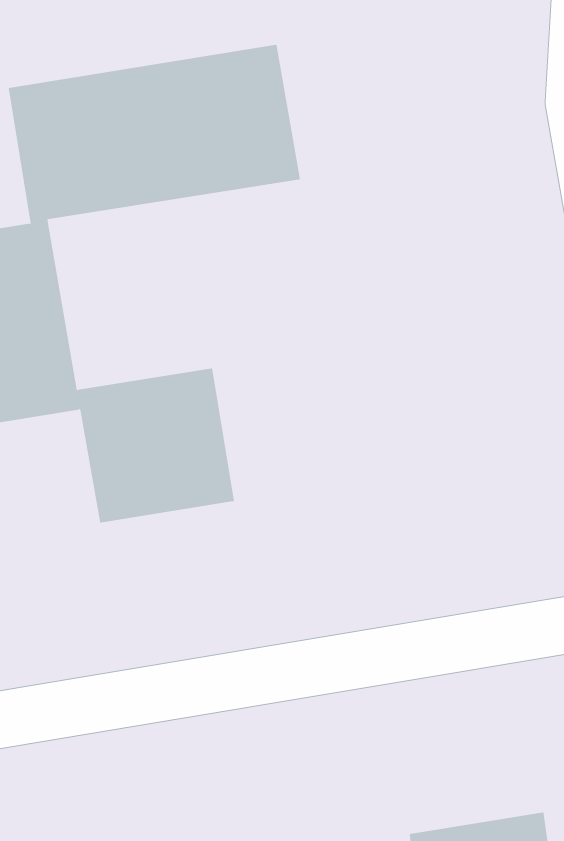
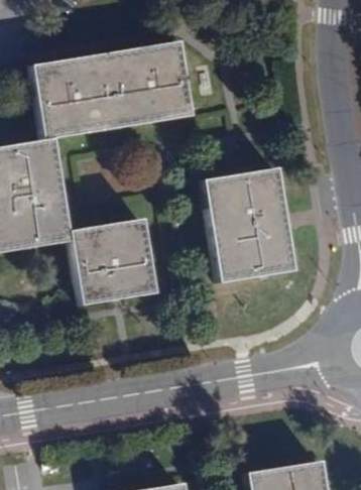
building: none -> [202,168,296,282]

